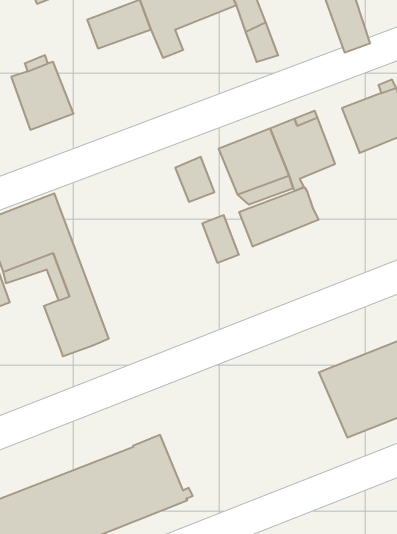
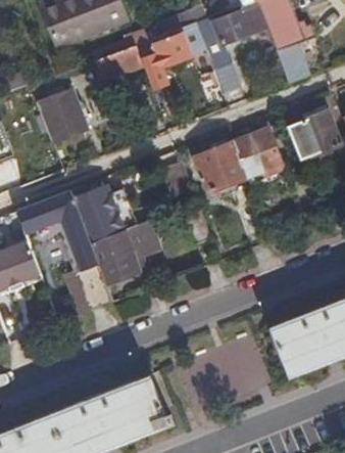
building: none -> [71,186,158,281]
building: [239,187,318,247] -> none

